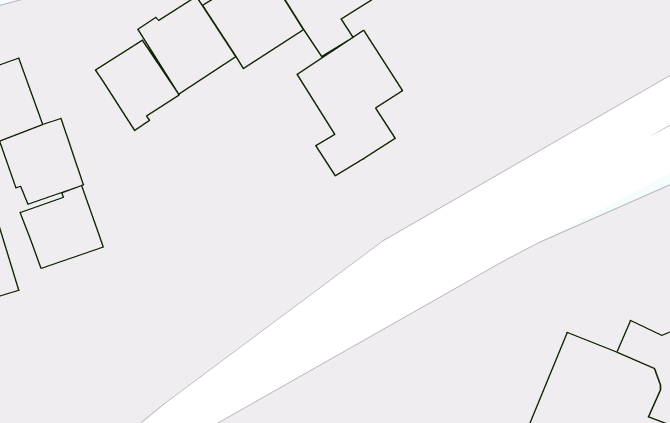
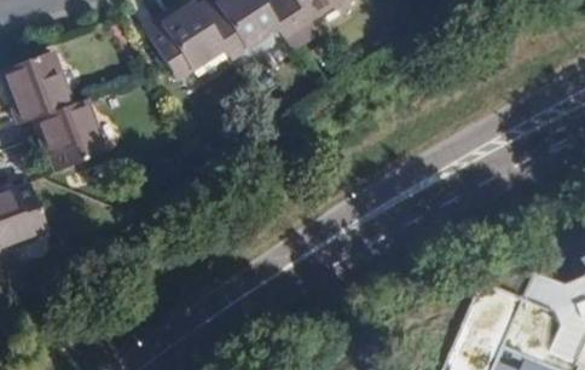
building: [297,30,402,176] -> none
building: [95,40,179,131] -> none
building: [20,185,103,268] -> none

